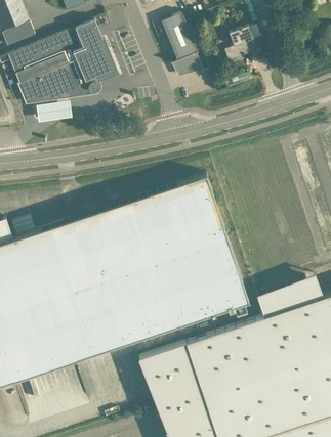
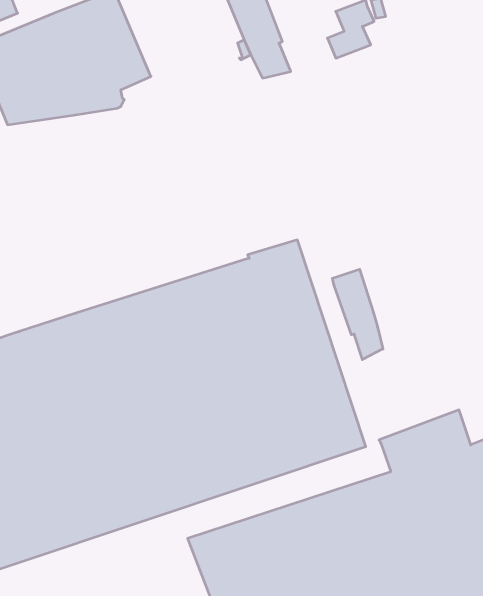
building: none -> [332,269,383,360]

